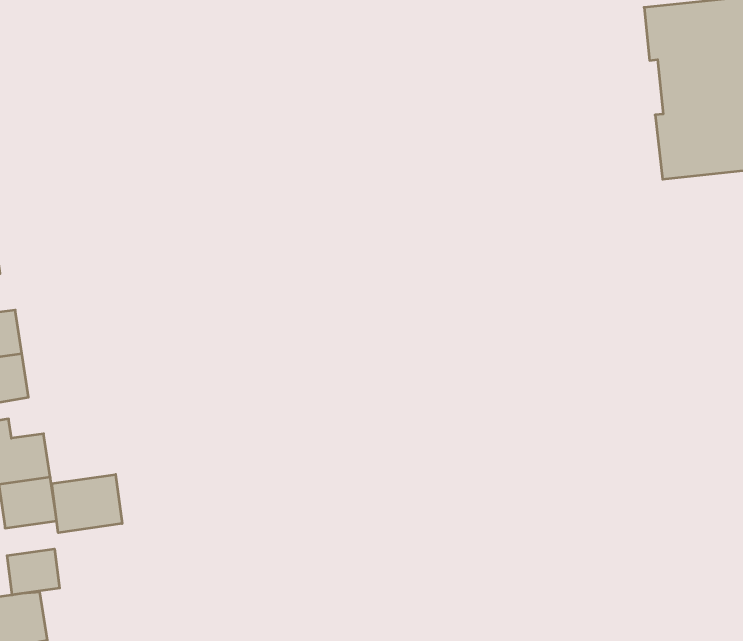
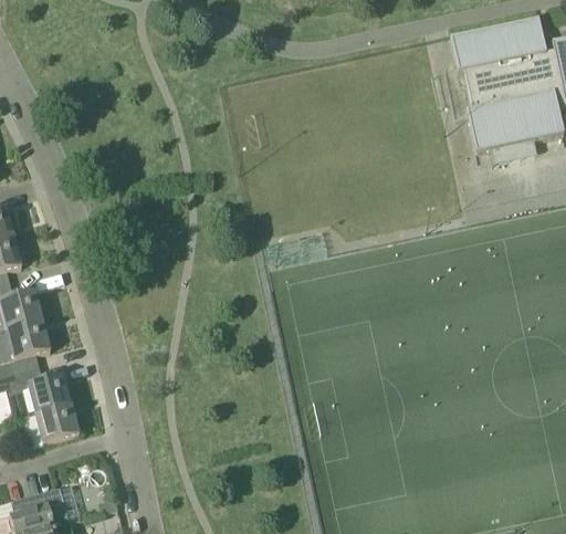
building: [52,474,122,533] -> none
building: [7,549,60,595] -> none

